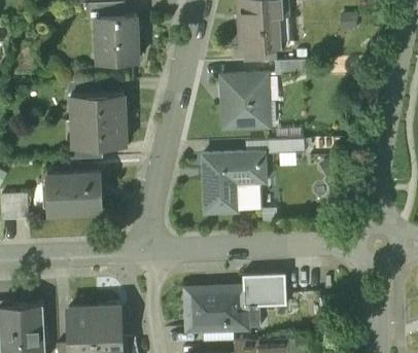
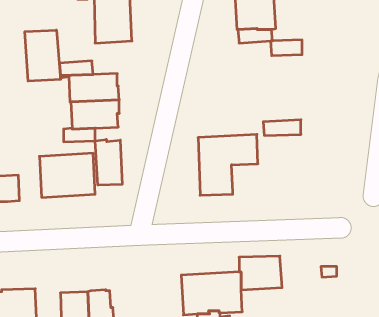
building: none -> [25,30,61,81]
building: [221,74,269,130] -> none
building: none -> [95,139,122,185]
building: [236,181,260,209] -> none

